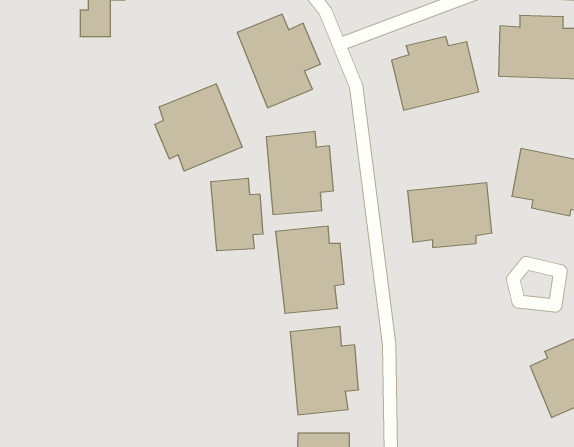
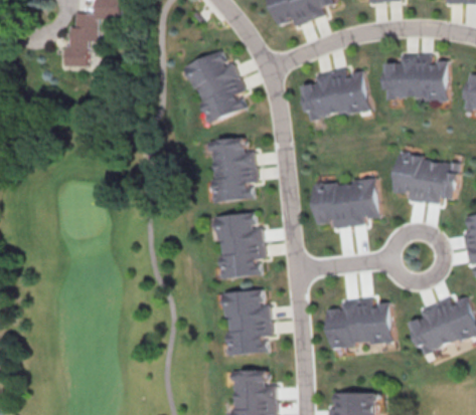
building: [155,84,242,171] -> none
building: [211,178,263,251] -> none
building: none -> [328,296,393,351]

